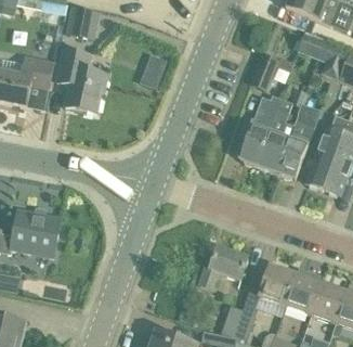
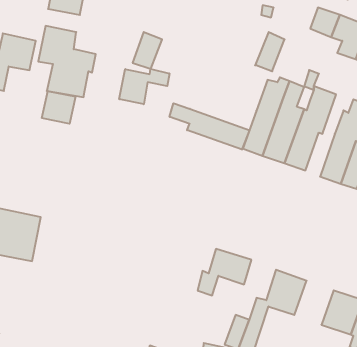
building: none -> [119,69,169,104]
building: none -> [42,91,76,124]
building: none -> [170,103,249,150]
building: [284,270,322,313] -> none

